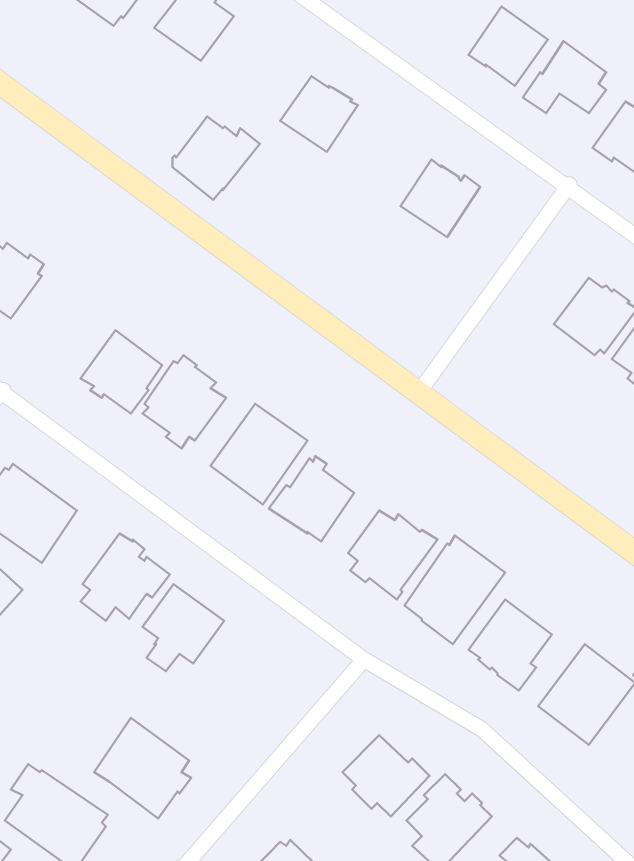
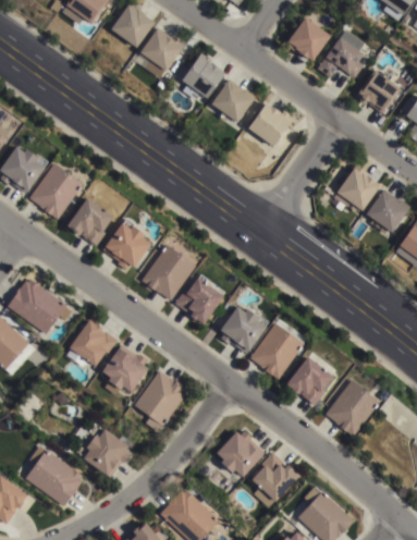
building: [172,117,260,200] -> [135,32,184,78]
building: none -> [210,83,255,124]
building: none -> [29,164,83,221]
building: none -> [134,367,188,429]

